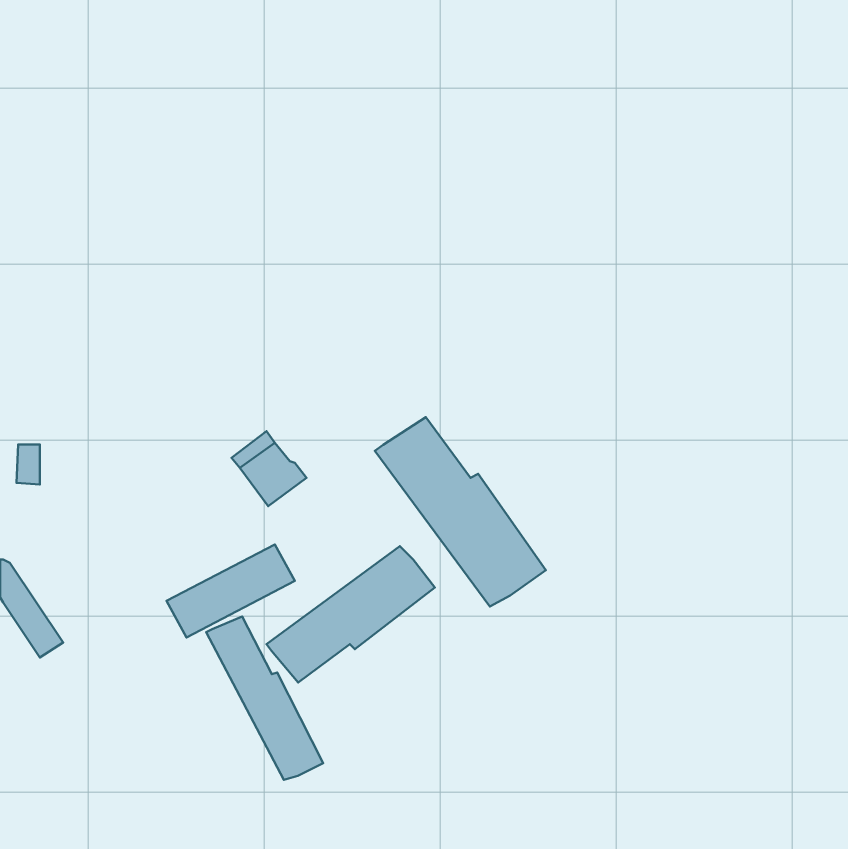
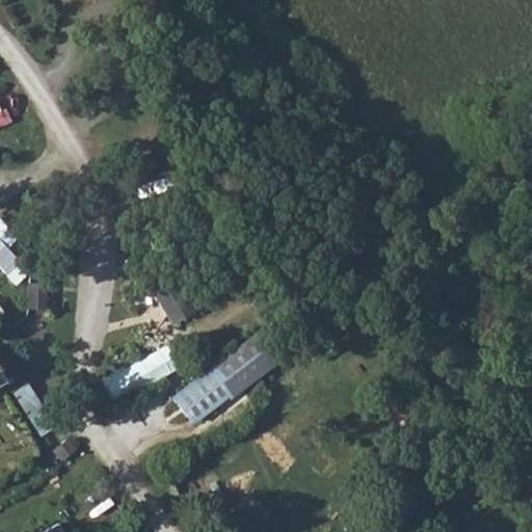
building: [375,417,546,607] -> none
building: [206,617,323,780] -> none

